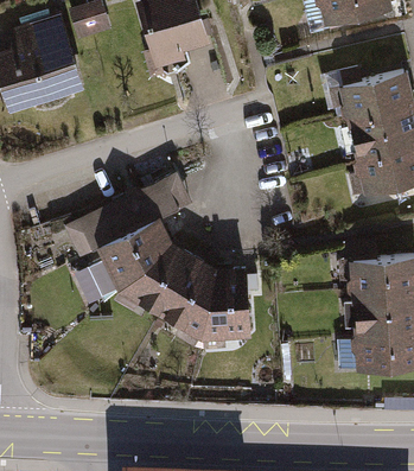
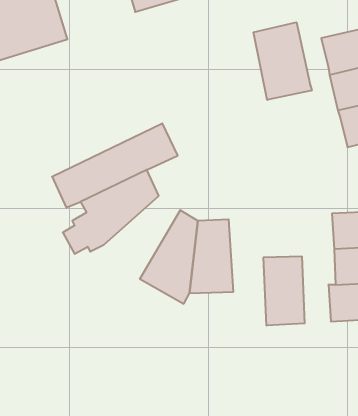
building: none -> [254,22,312,100]
building: [113,241,195,324] -> none
building: none -> [264,256,305,326]

